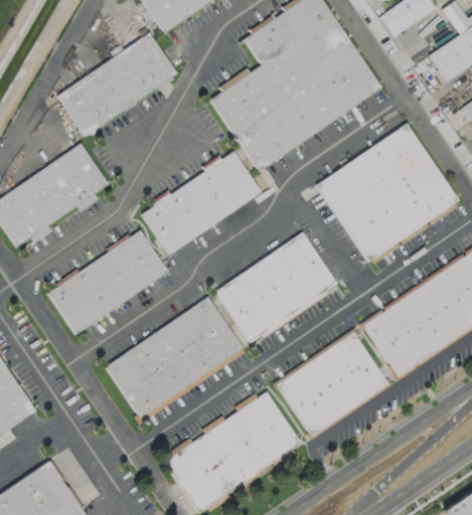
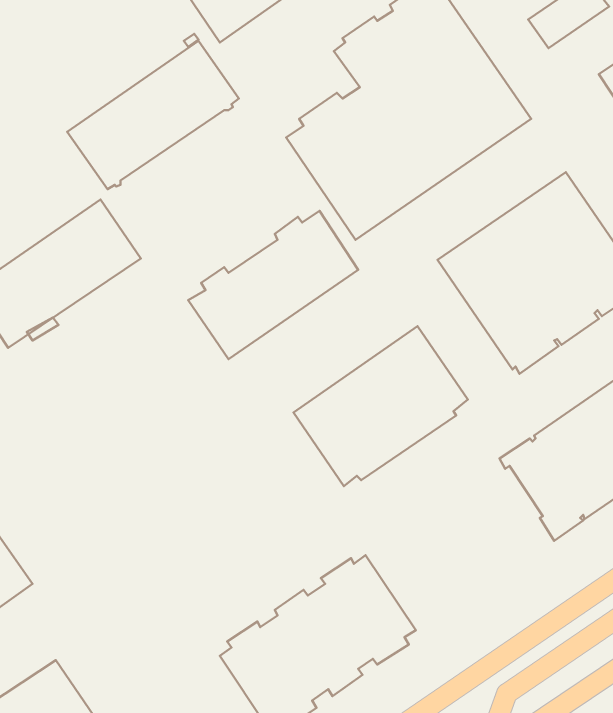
building: [48,230,168,334] -> none
building: [106,297,246,424] -> none
building: [272,328,392,441] -> none

